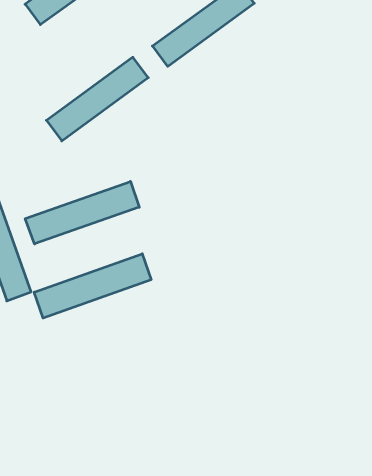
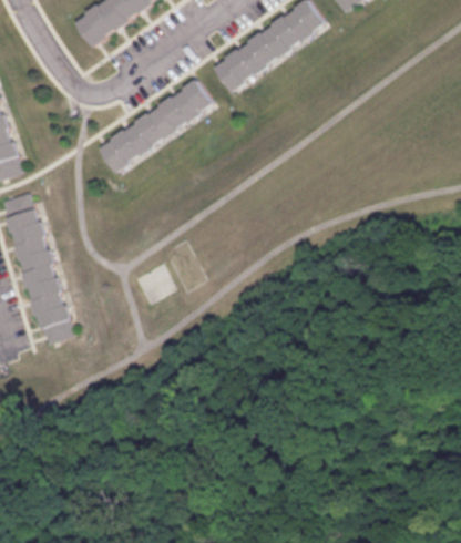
building: [25,181,139,244] -> none
building: [34,254,151,318] -> none

